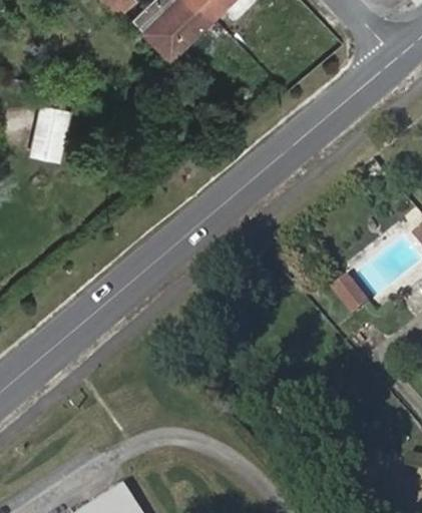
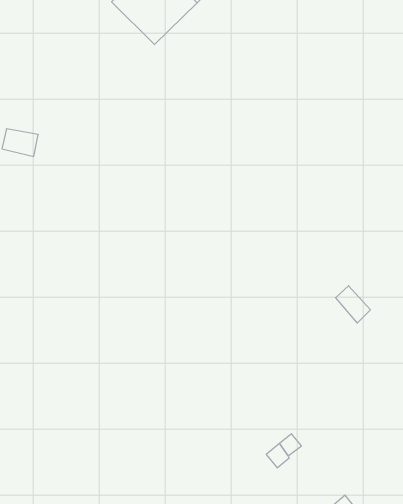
building: [35,104,70,139] -> none

